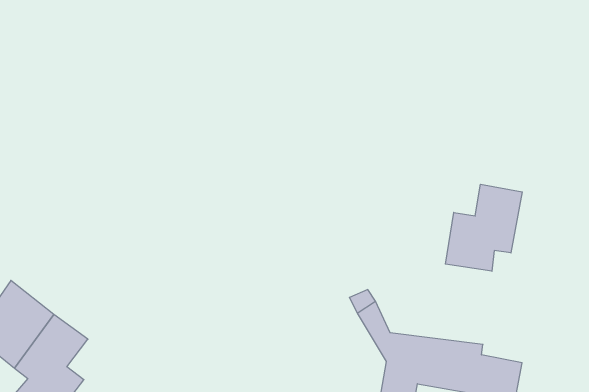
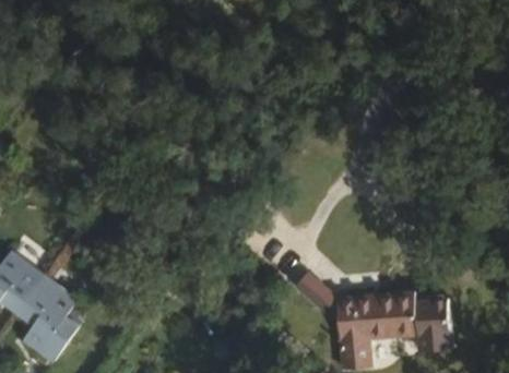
building: [445,184,522,271] -> none

